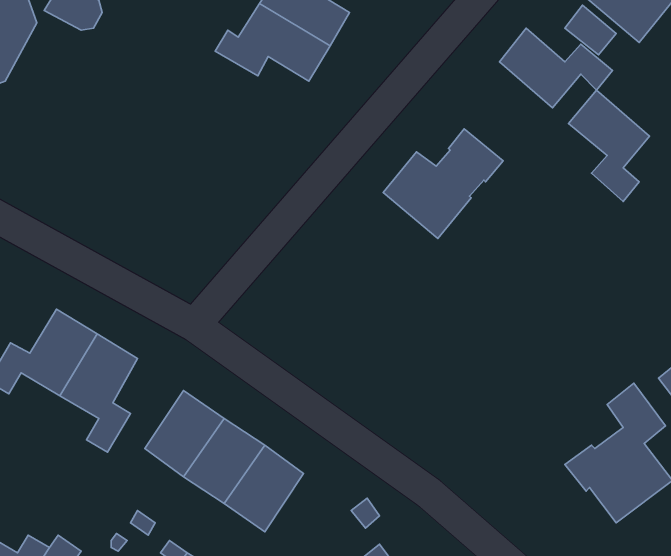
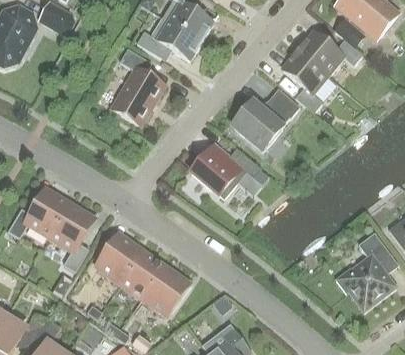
building: none -> [115,47,164,121]
building: [568,90,650,201] -> [282,49,328,112]
building: none -> [191,144,261,197]

